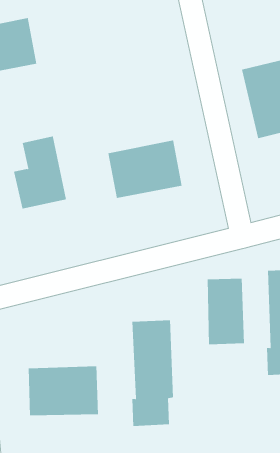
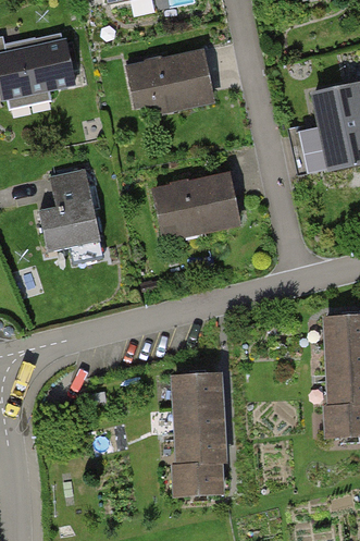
building: none -> [124,47,210,114]
building: [207,278,244,345] -> none
building: [28,365,98,416] -> none

